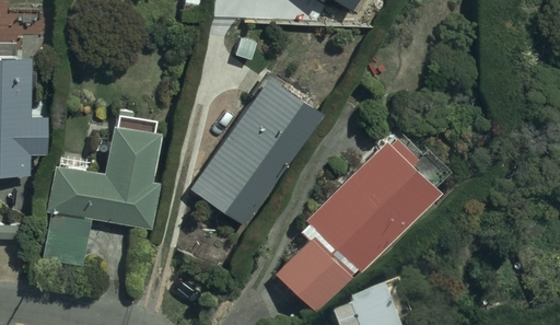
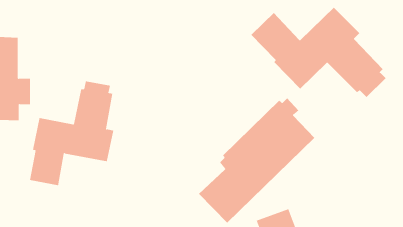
building: none -> [250,7,387,98]
building: [189,80,322,227] -> none

